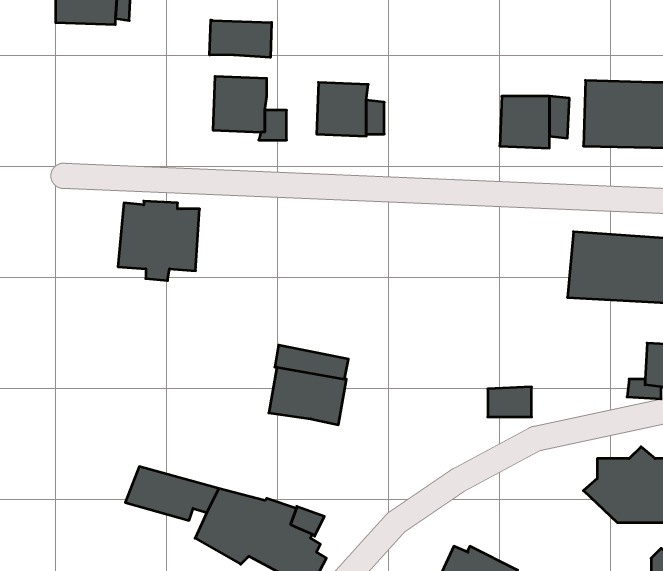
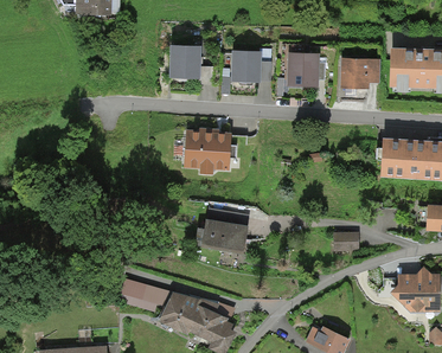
building: [210,20,272,57] -> none
building: none -> [287,52,319,86]
building: [118,201,200,281] -> [182,128,231,175]

